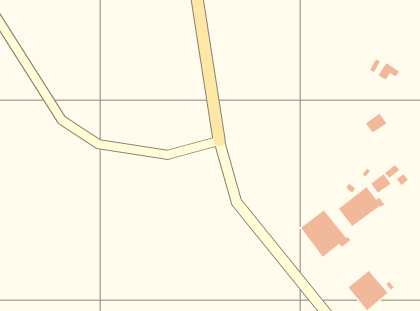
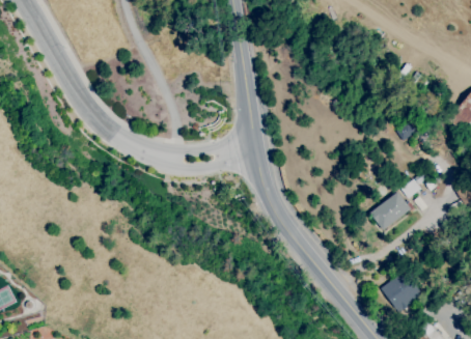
building: [300,209,351,258] -> none

